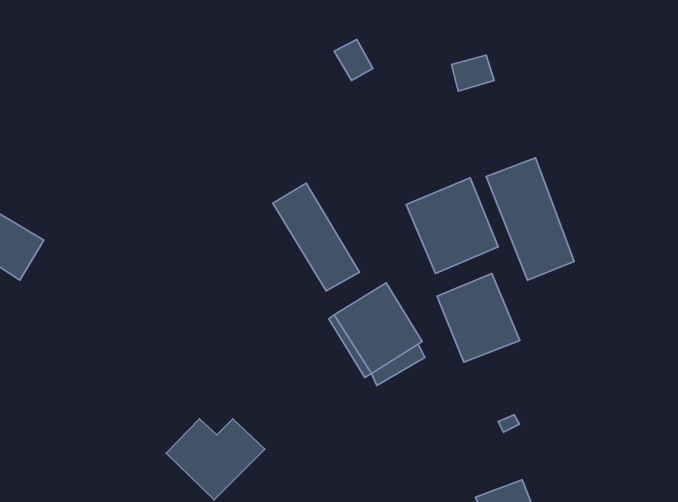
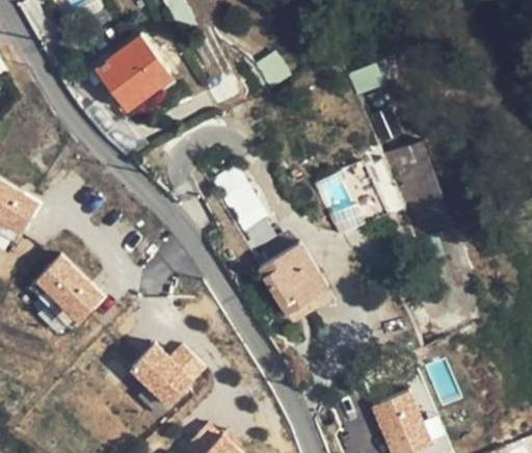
building: none -> [95,33,170,108]
building: [437,273,520,362] -> none
building: none -> [33,258,100,324]

